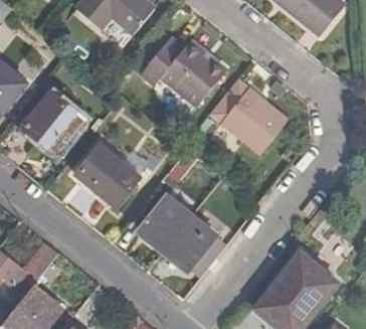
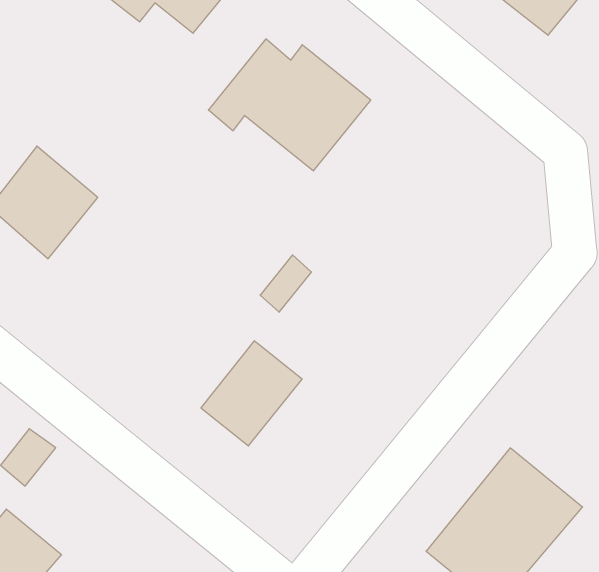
building: [209,84,287,157] -> none
building: [74,144,140,208] -> none
building: [162,216,215,272] -> none

